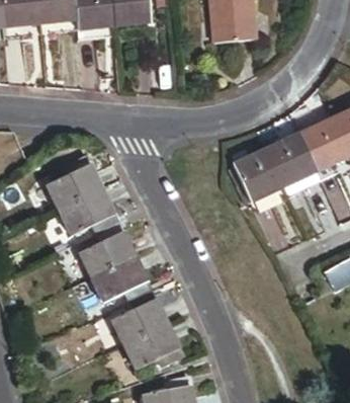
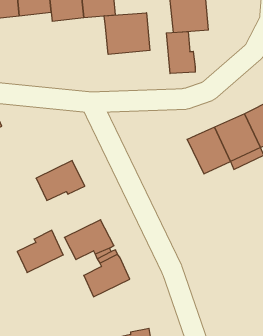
building: none -> [104,13,150,54]
building: none -> [166,32,195,74]
building: [47,160,100,209] -> none
building: [80,228,133,276] -> [17,230,63,273]
building: [124,324,180,369] -> none

